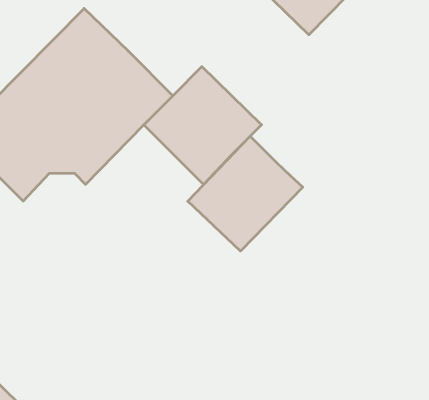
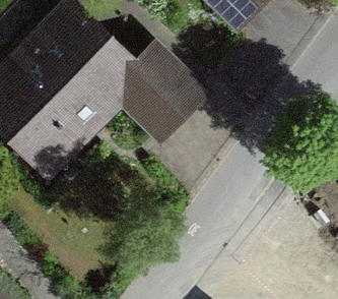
building: [188,136,303,251] -> none

